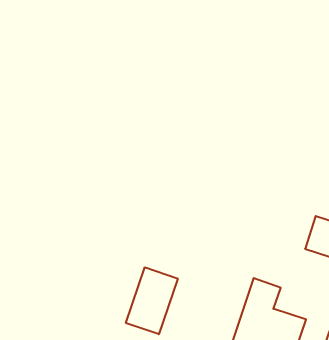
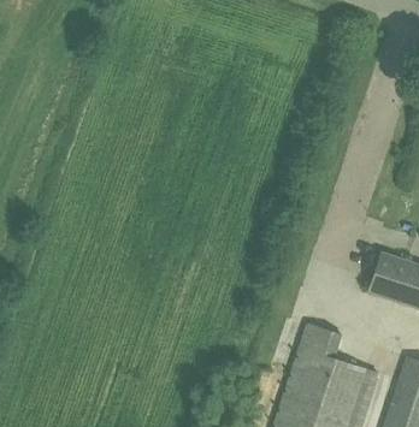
building: [126,267,178,334] -> none

